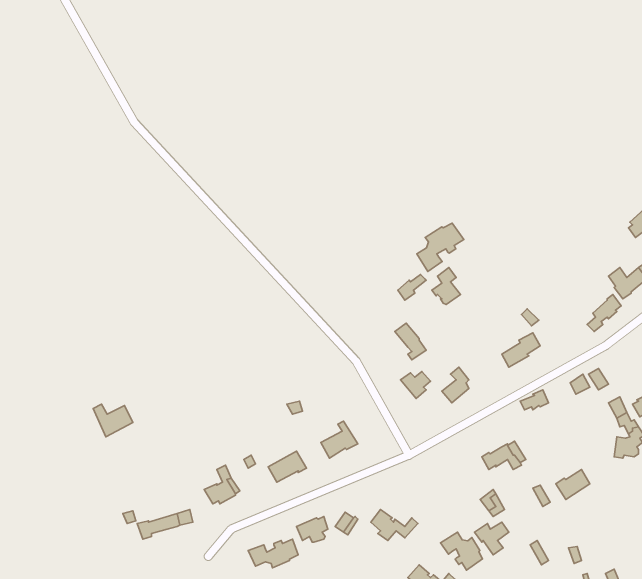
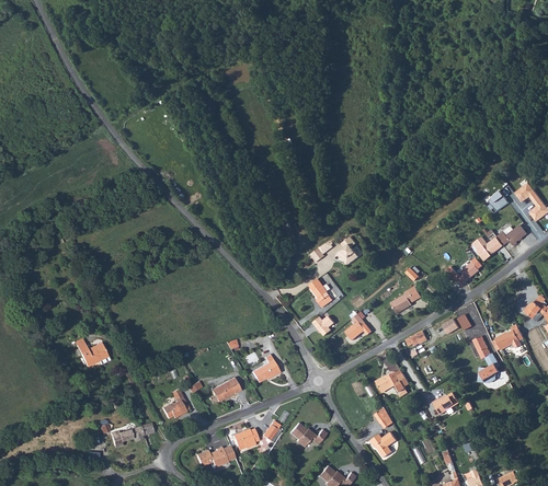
building: [417,223,464,272] -> none
building: [441,532,482,570] -> none

